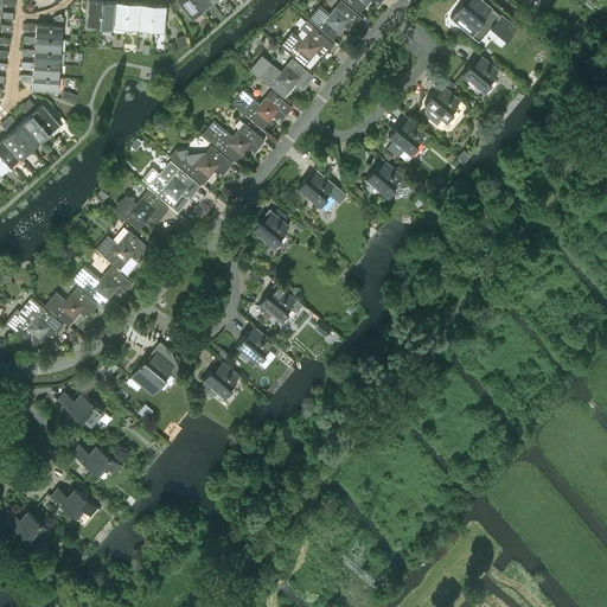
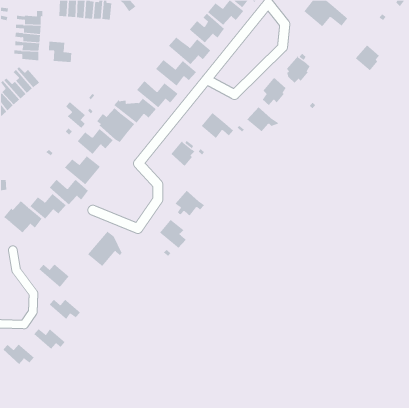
building: [461,55,498,94] -> [355,45,380,71]
building: none -> [48,41,72,63]
building: none -> [65,101,86,129]
building: [203,360,239,398] -> none

